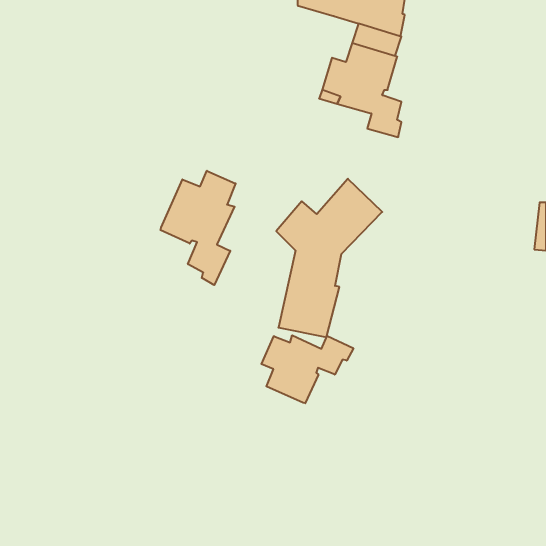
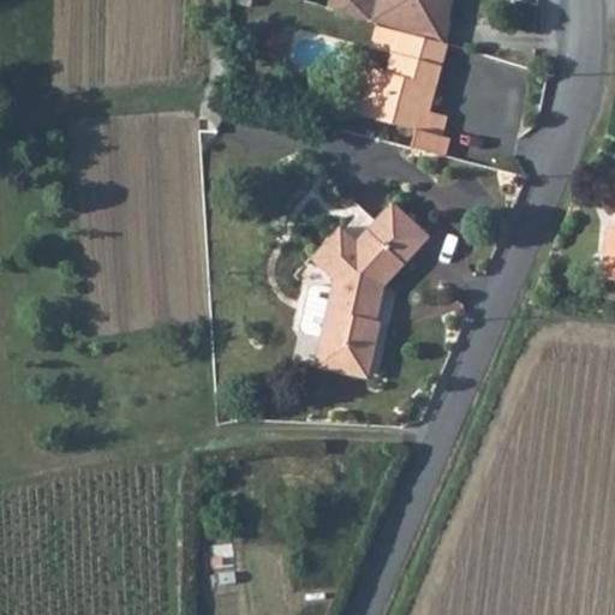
building: [160,171,236,285] -> none
building: [261,335,353,403] -> none

